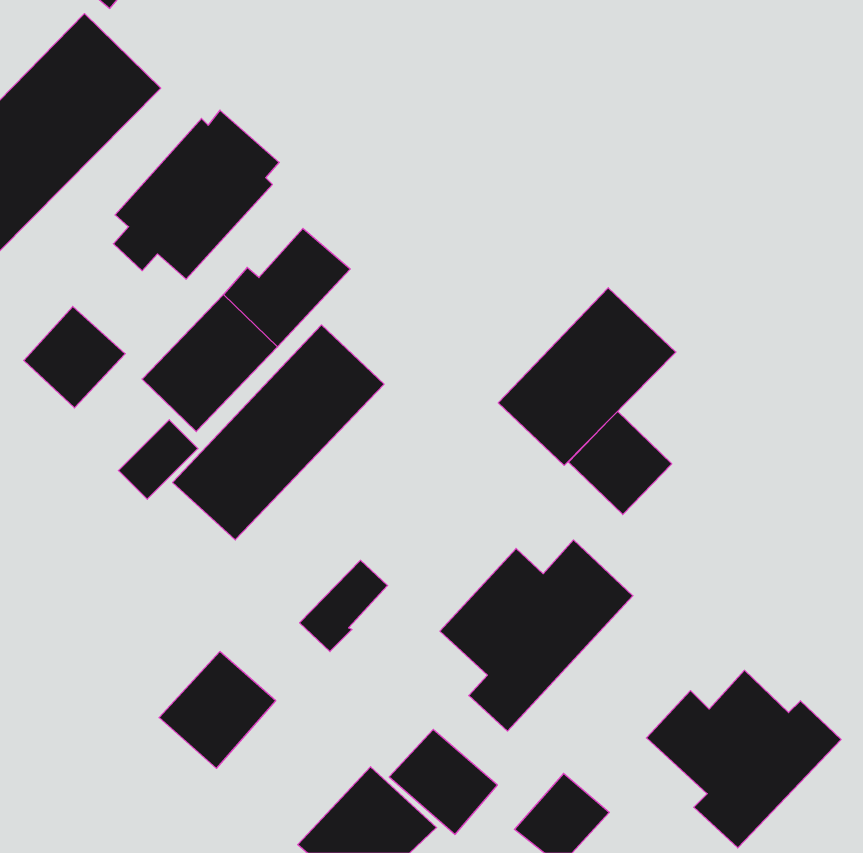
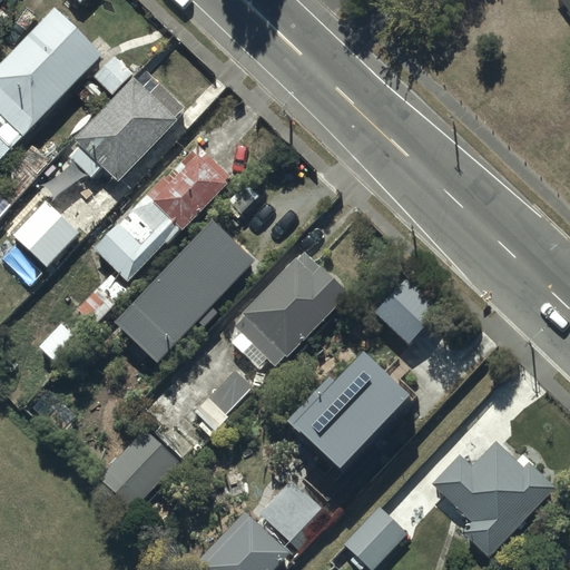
building: [498,288,676,465] -> [229,253,346,370]

